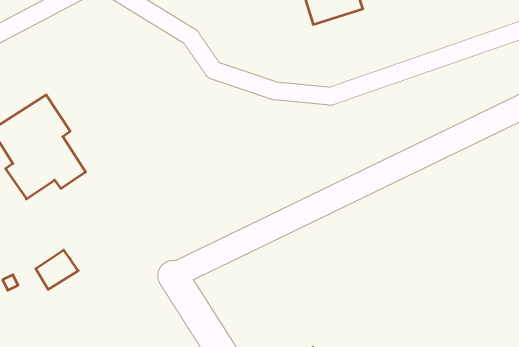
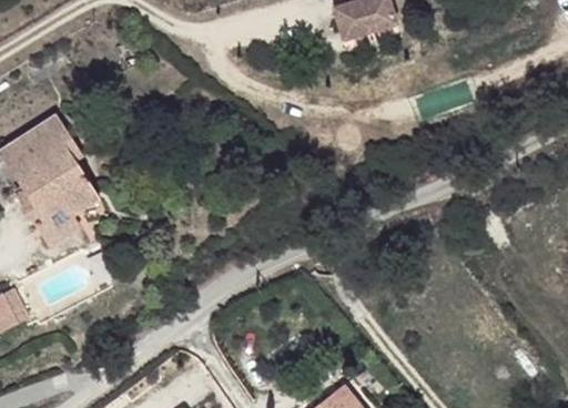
building: [36,250,78,289] -> [34,202,80,244]

